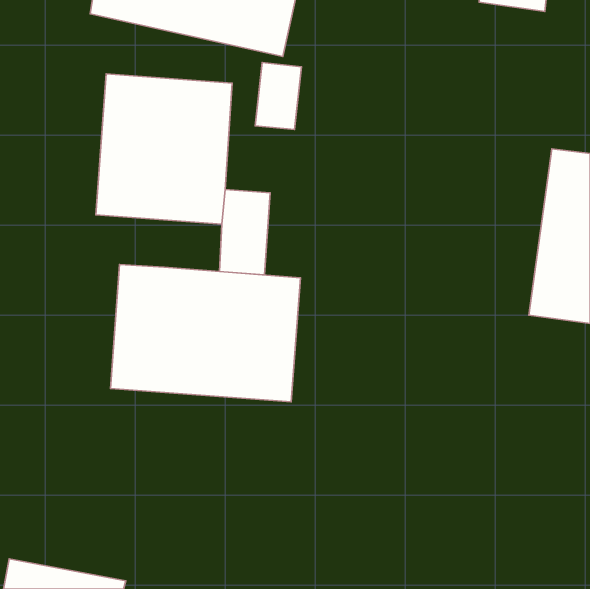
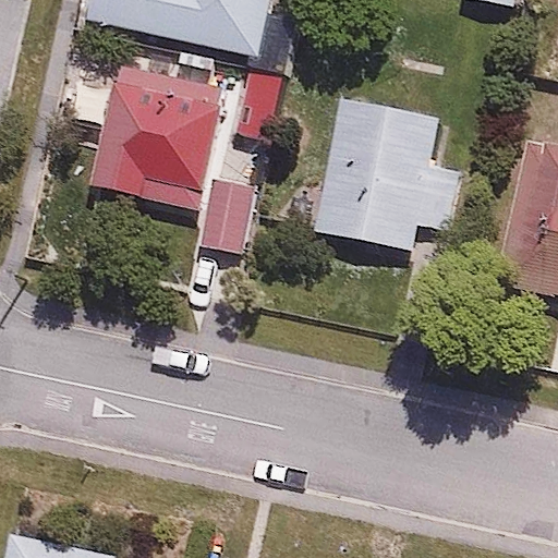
building: none -> [319,100,458,250]
building: [110,265,300,402] -> none

